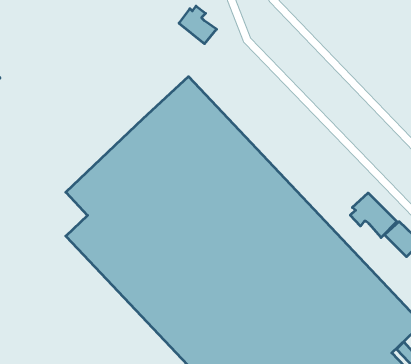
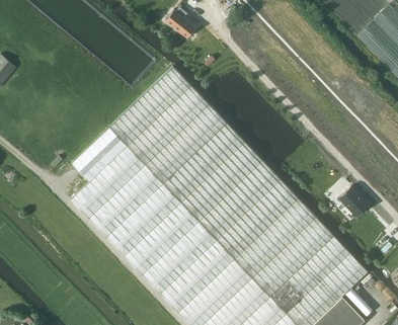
building: [350,193,397,238] -> none

